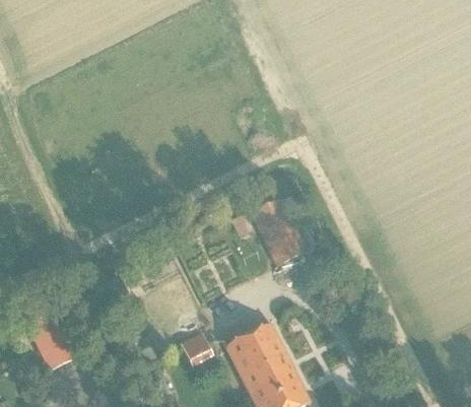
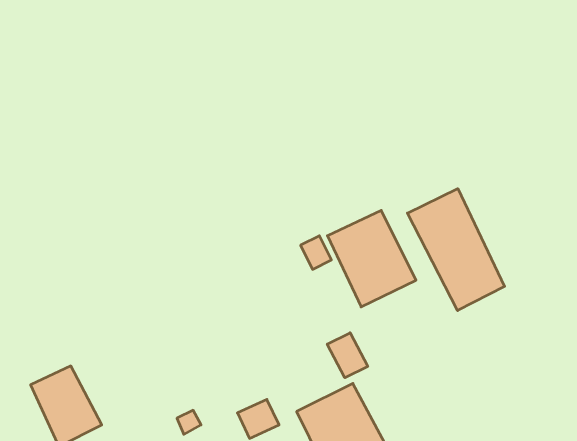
building: none -> [407,189,505,311]
building: none -> [327,333,368,378]

